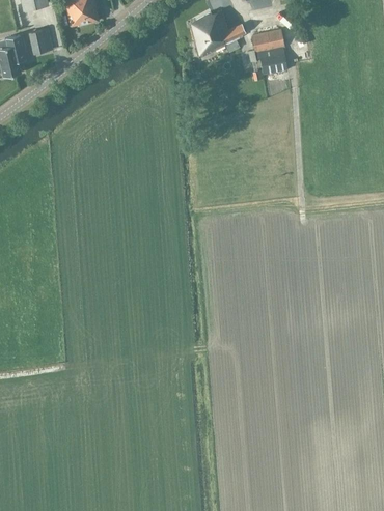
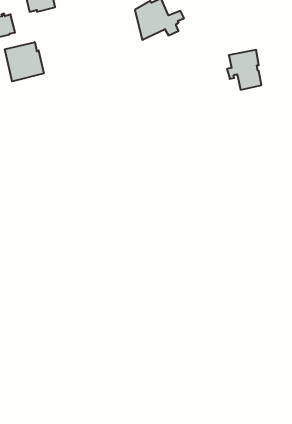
building: [248,29,287,75] -> [227,50,261,90]
building: none -> [5,42,44,81]

